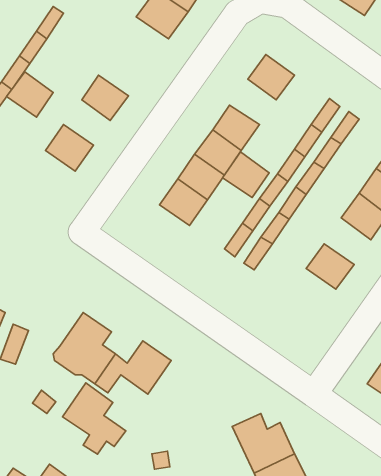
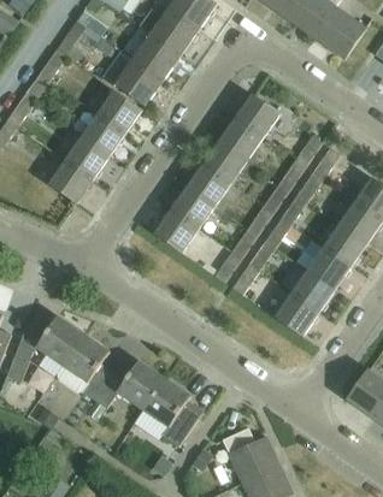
building: none -> [104,52,163,106]
building: none -> [98,90,141,132]
building: [7,72,53,117] -> [65,136,108,178]
building: [222,152,269,197] -> [219,117,263,159]
building: none -> [295,238,350,289]
building: none -> [275,292,318,336]
building: none -> [35,315,83,372]
building: [62,383,126,454] -> [143,378,202,444]

